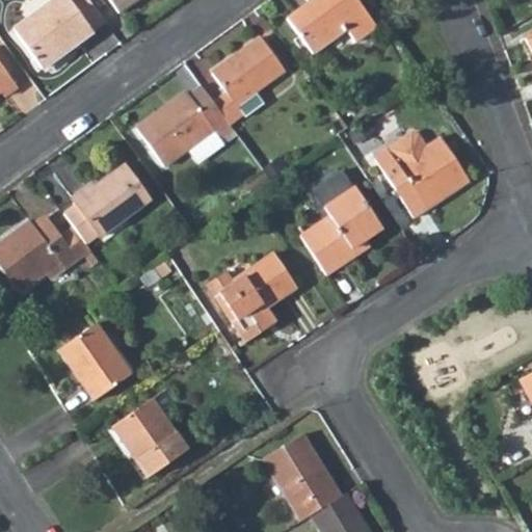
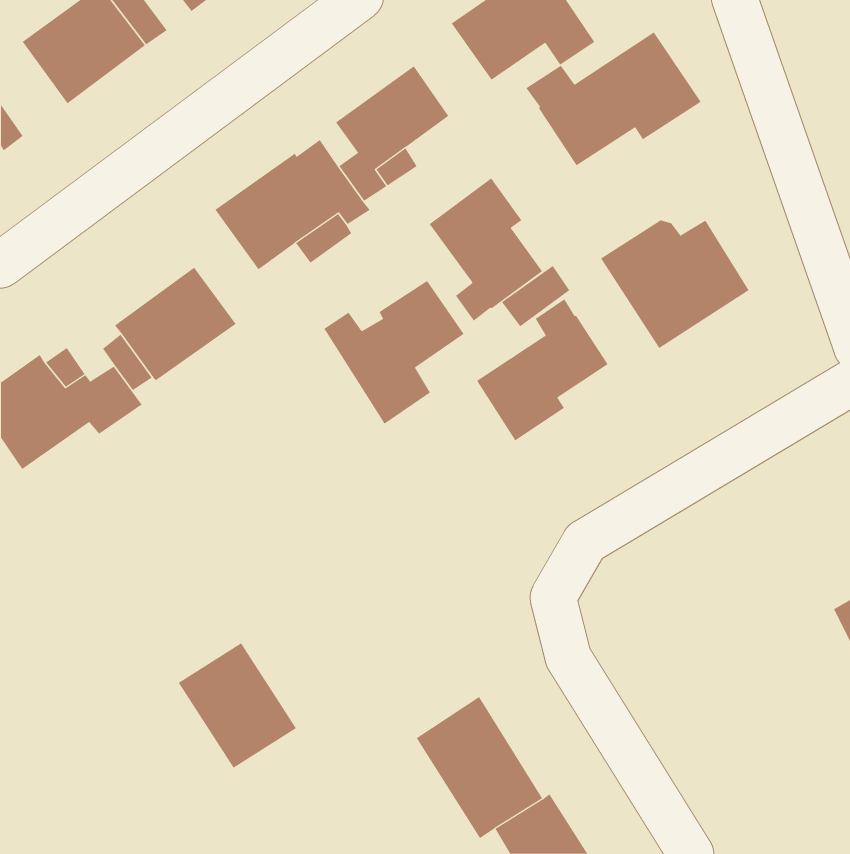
building: none -> [526,32,702,166]
building: none -> [429,177,543,321]
building: [209,255,296,344] -> [324,280,464,424]
building: [62,321,133,396] -> none

